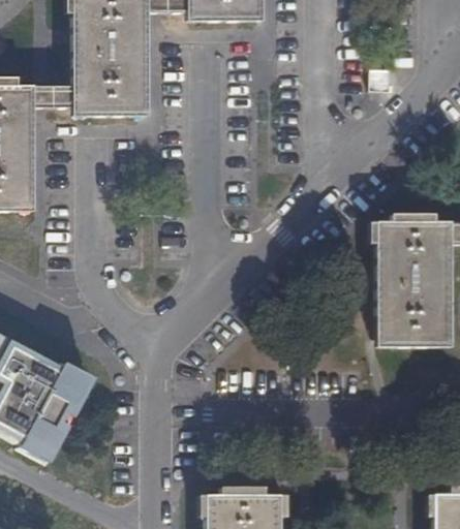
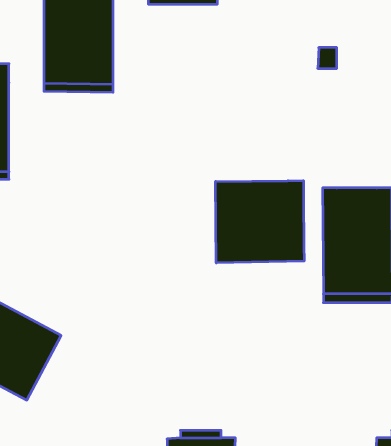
building: [34,86,72,107] -> none
building: none -> [216,181,304,263]

